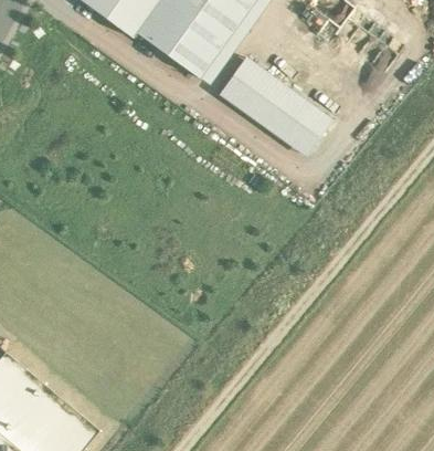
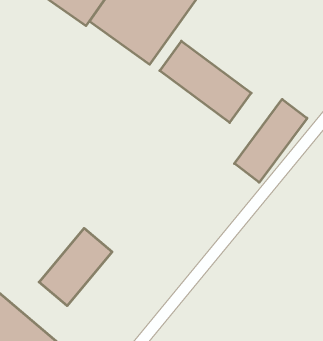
building: none -> [234,99,307,182]
building: none -> [39,228,112,306]

